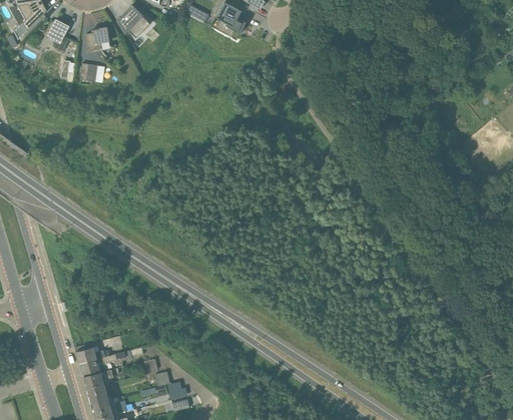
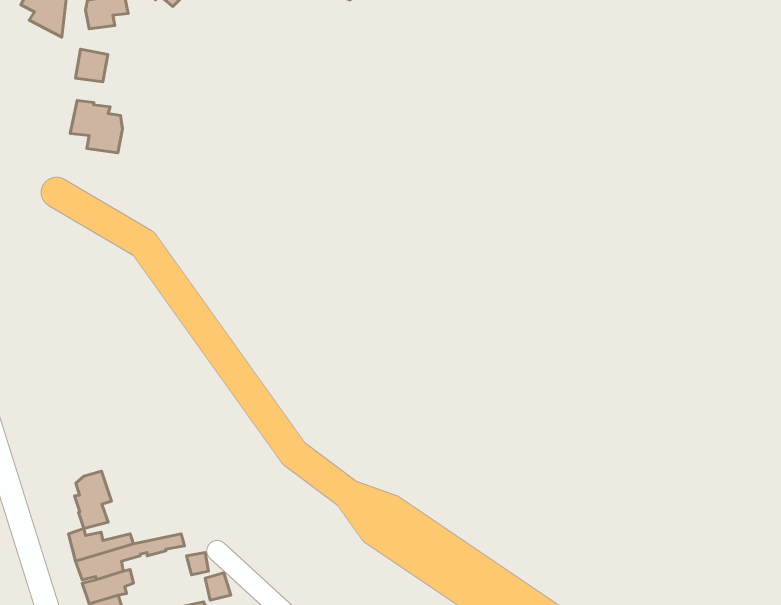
building: none -> [70,100,123,153]
building: none -> [74,471,112,529]

